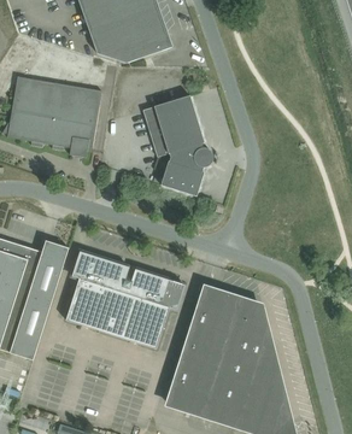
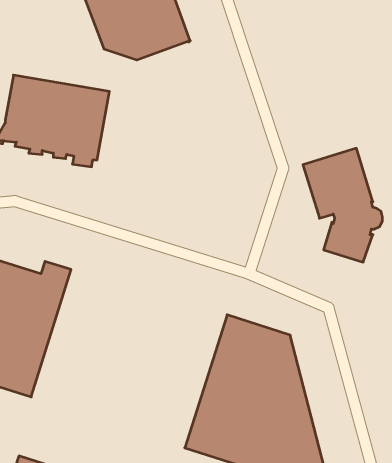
building: [142,95,212,195] -> [303,148,382,262]
building: [65,251,184,348] -> none

